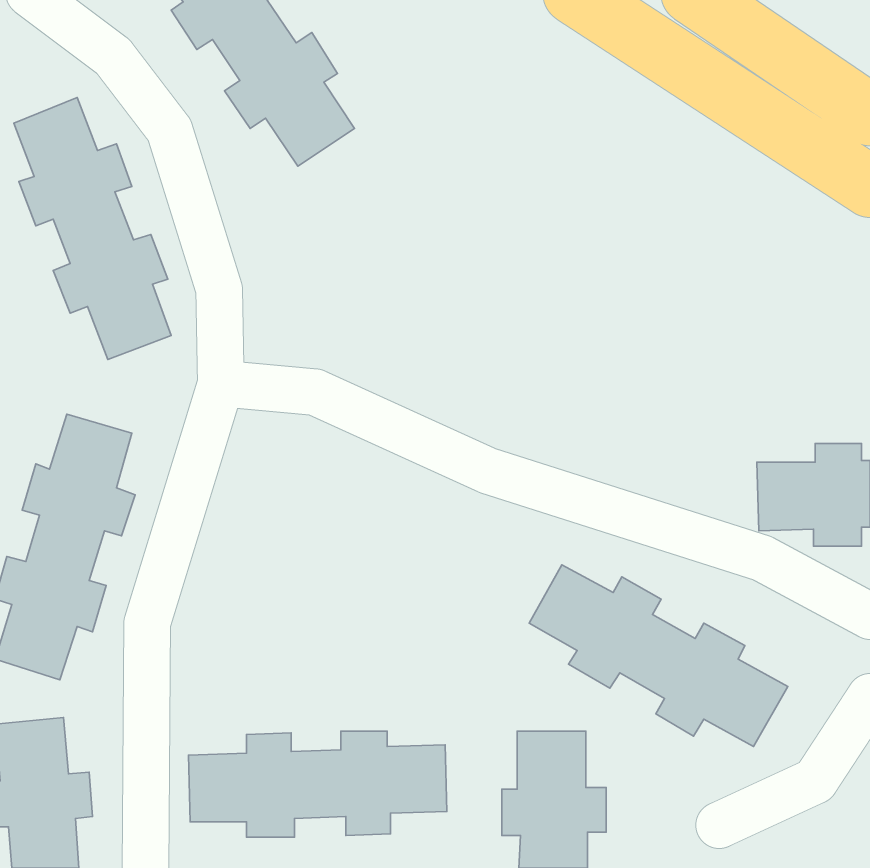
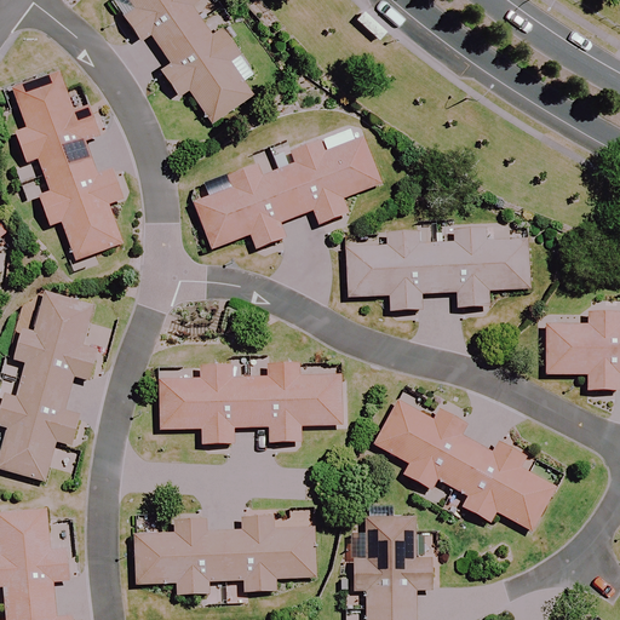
building: none -> [195,136,381,246]
building: none -> [346,229,529,305]
building: none -> [160,363,341,437]

